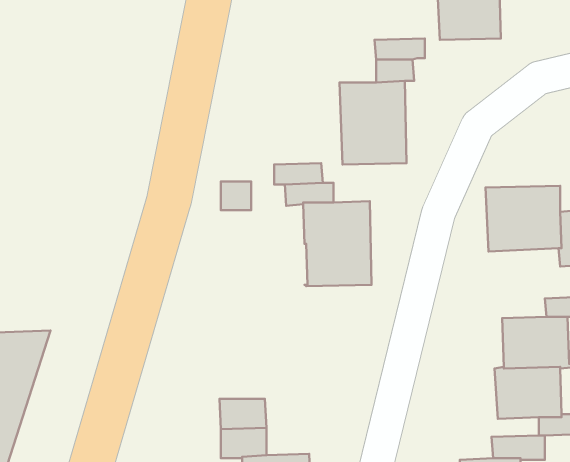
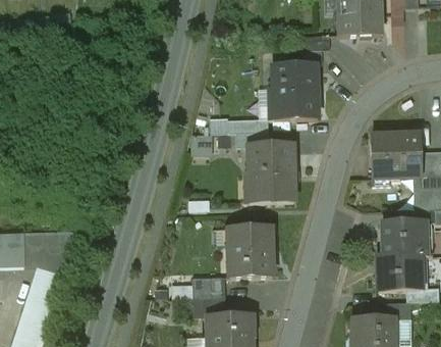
building: none -> [228,226,273,278]

